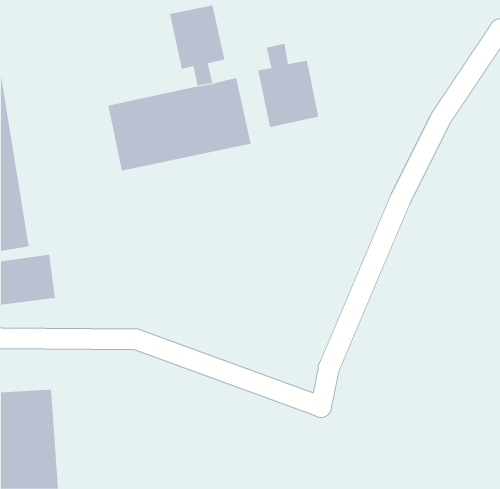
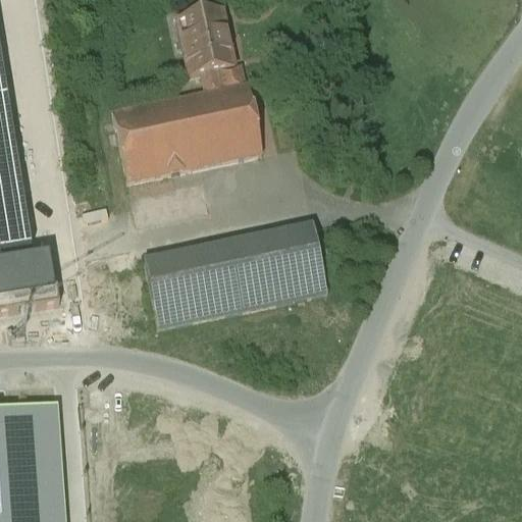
building: [257,43,319,128] -> none
building: none -> [144,223,326,324]

